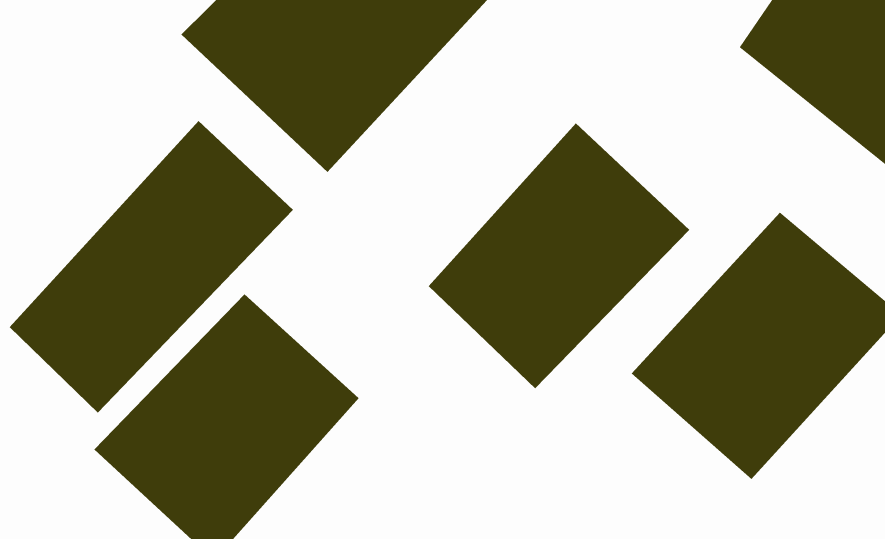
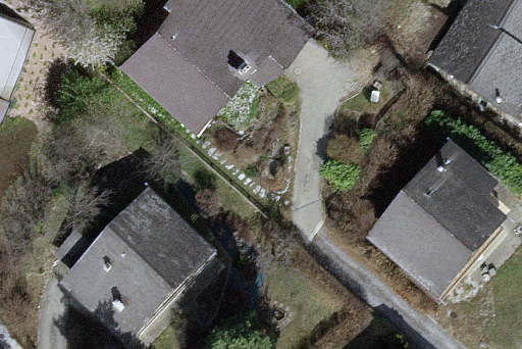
building: [9,120,294,414] -> none
building: [428,122,690,389] -> none

